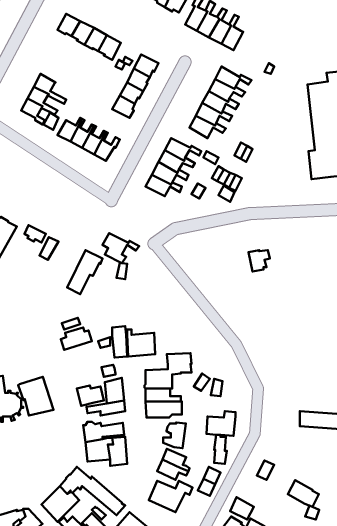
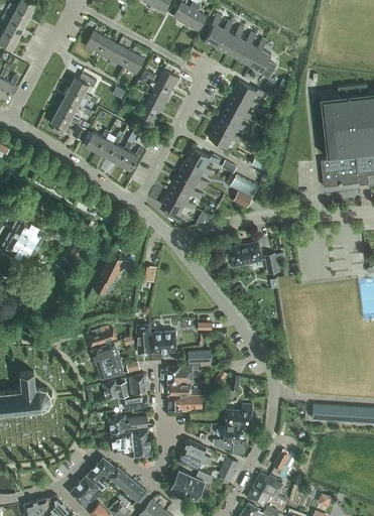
building: none -> [250,39,275,80]
building: none -> [69,74,97,105]
building: [103,233,139,263] -> [161,195,196,223]
building: none -> [229,242,262,267]
building: [18,377,54,415] -> [91,344,124,380]
building: [163,422,186,448] -> [213,426,234,450]
building: [288,480,319,507] -> [253,473,282,498]

